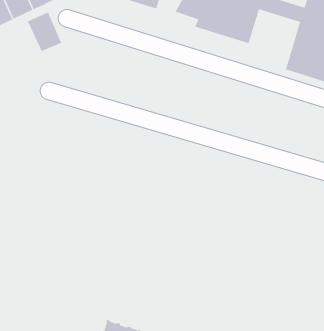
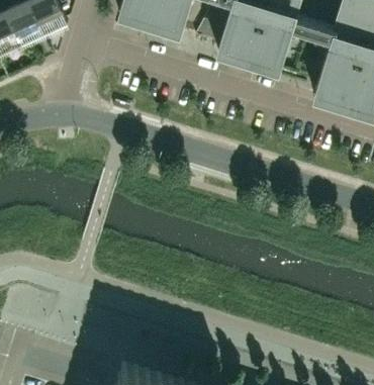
building: [27,12,62,52] -> none

